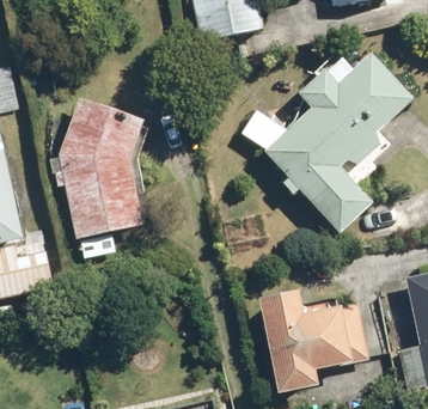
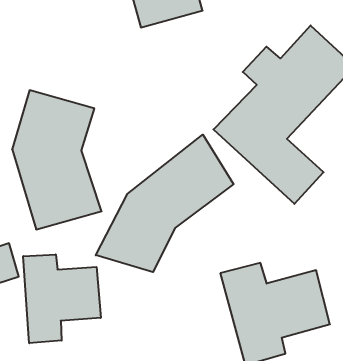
building: none -> [96,135,234,272]
building: none -> [23,254,101,343]

